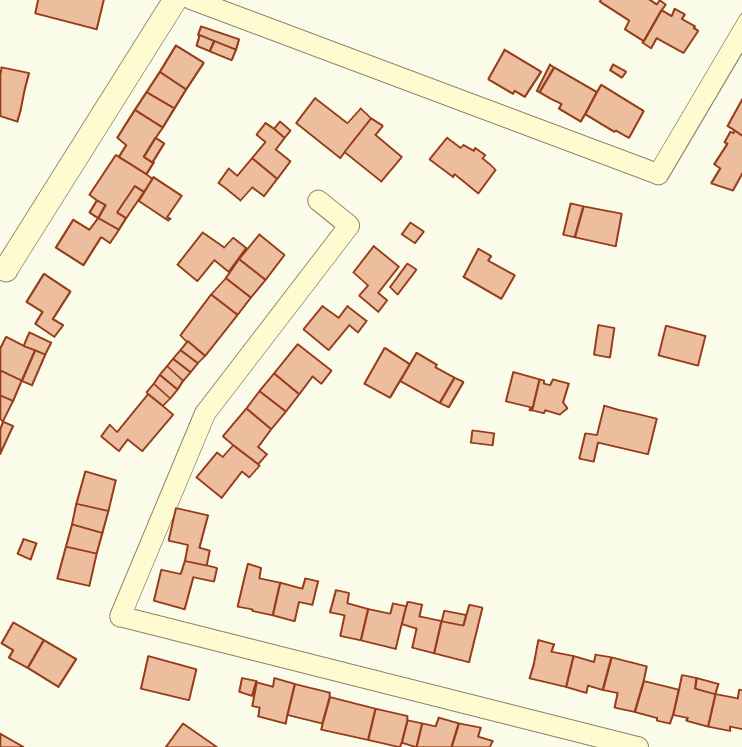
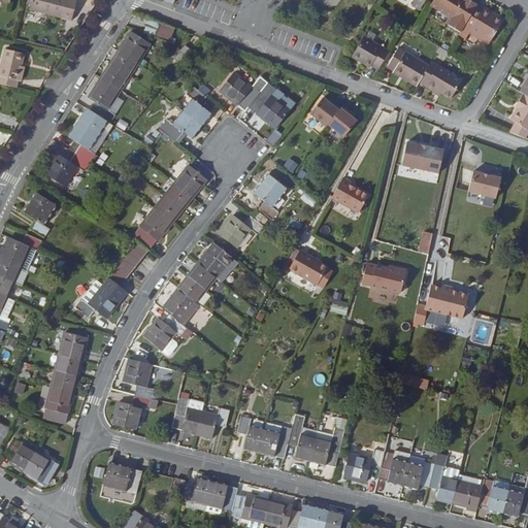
building: [139,177,182,221] -> none
building: [177,232,246,281] -> none
building: [659,326,706,365] -> [467,169,500,197]
building: [364,348,410,398] -> none
building: none -> [344,449,384,481]

